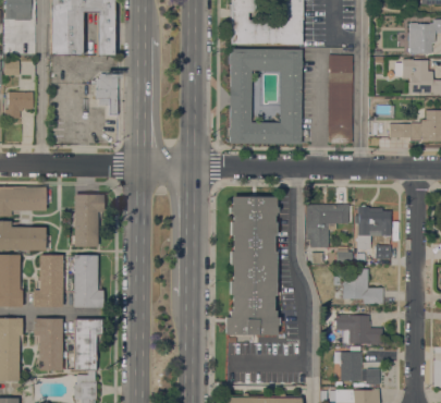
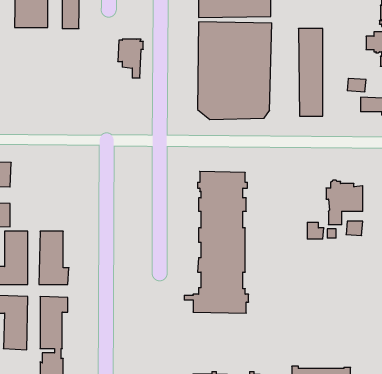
building: [96,77,121,115] -> [118,39,143,78]
building: [74,194,105,246] -> none
building: [307,204,350,247] -> none
building: [334,268,383,304] -> none
building: [336,315,383,343] -> none
building: [335,352,380,384] -> none

